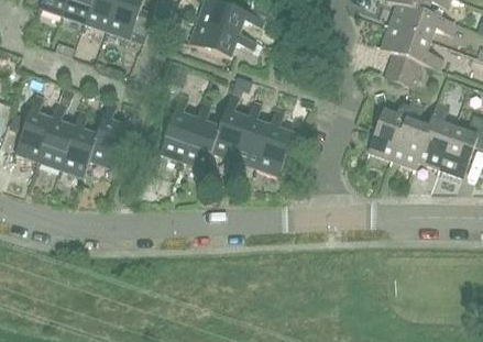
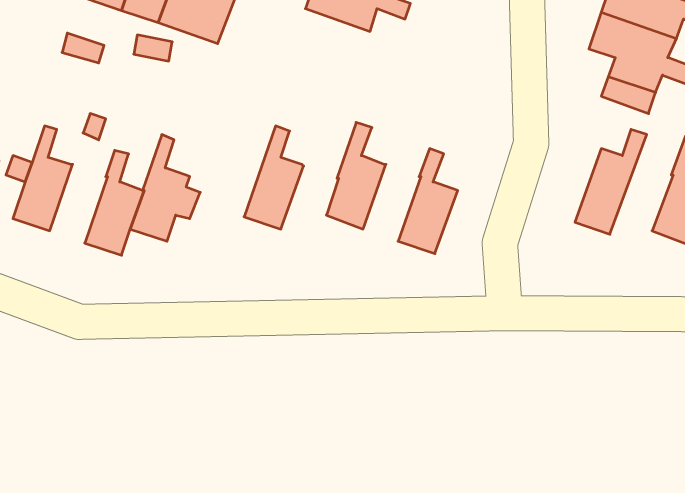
building: [190,21,255,58] -> none
building: [389,100,429,172] -> none
building: [37,101,74,168] -> none
building: [234,101,271,167] -> none
building: [183,102,219,168] -> none

